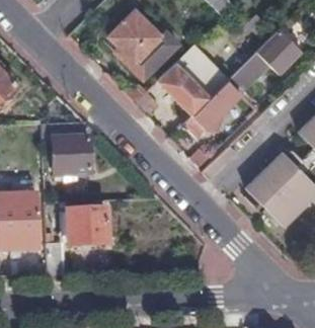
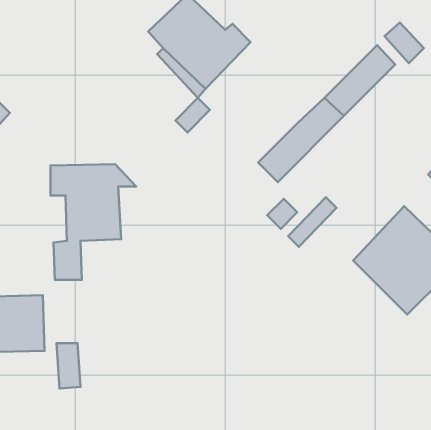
building: [159,43,210,112] -> none
building: [67,208,108,243] -> none

